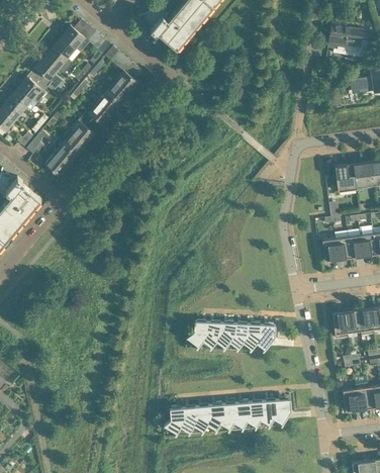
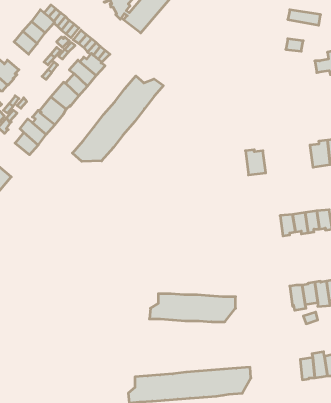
building: [327,34,369,57] -> none
building: [35,58,65,91] -> none
building: none -> [72,76,163,161]
building: [335,165,356,191] -> [245,150,266,175]

